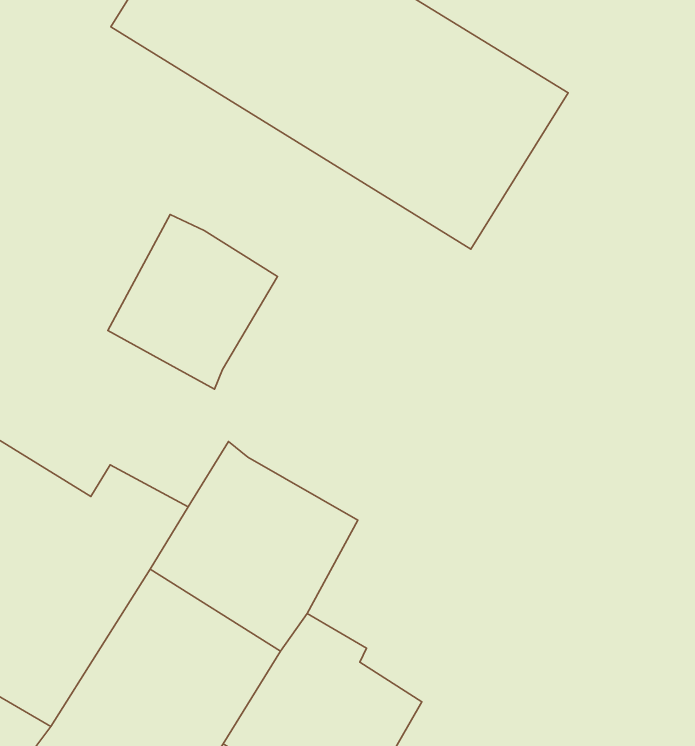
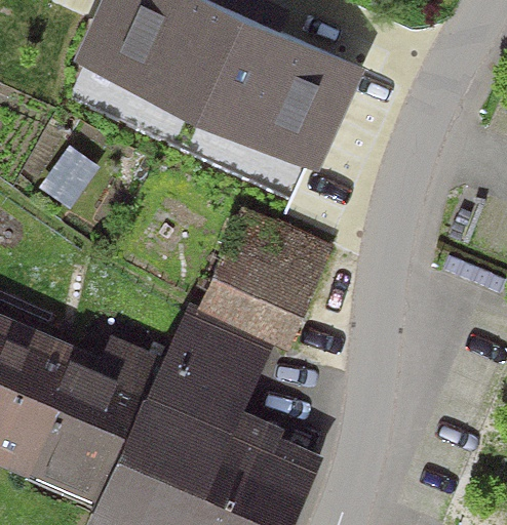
building: [108,215,278,389] -> none
building: none -> [194,206,329,357]

